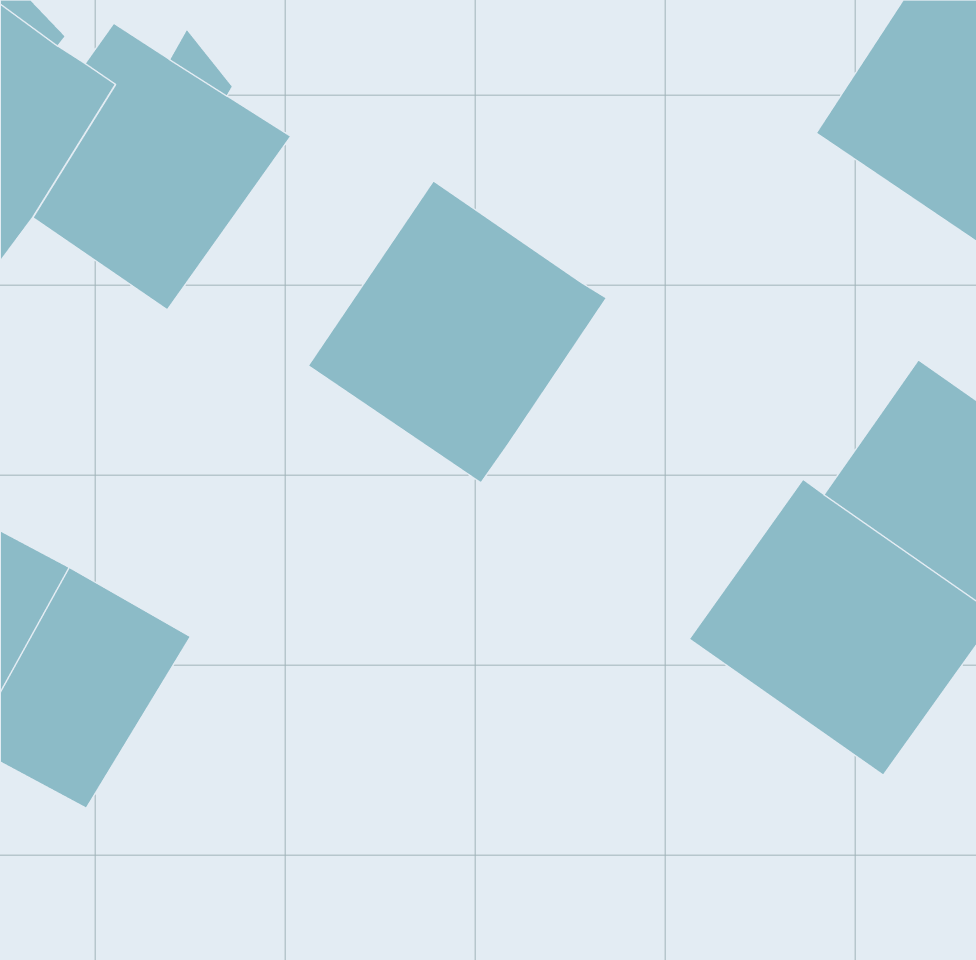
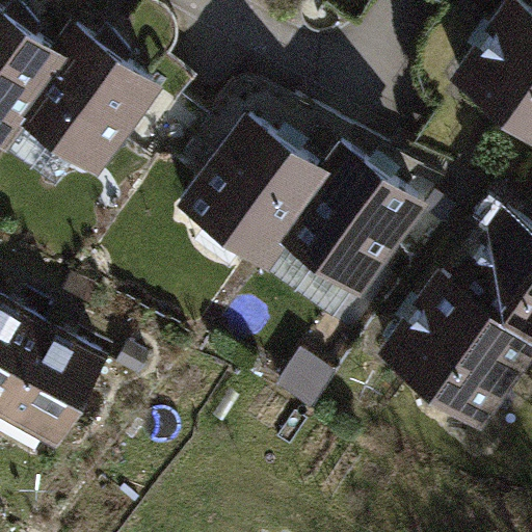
building: none -> [278,140,430,308]

